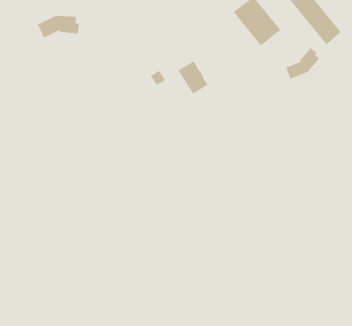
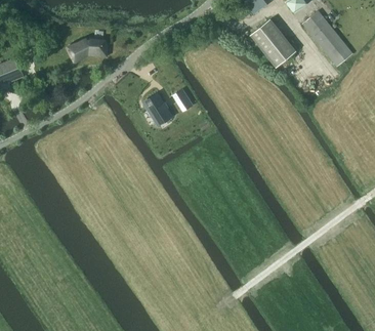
building: [286,47,320,80] -> none
building: [178,61,208,94] -> [142,93,171,125]

